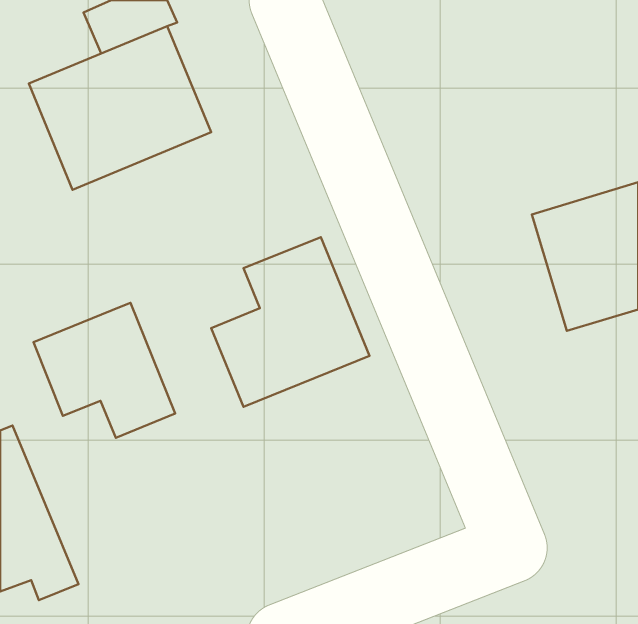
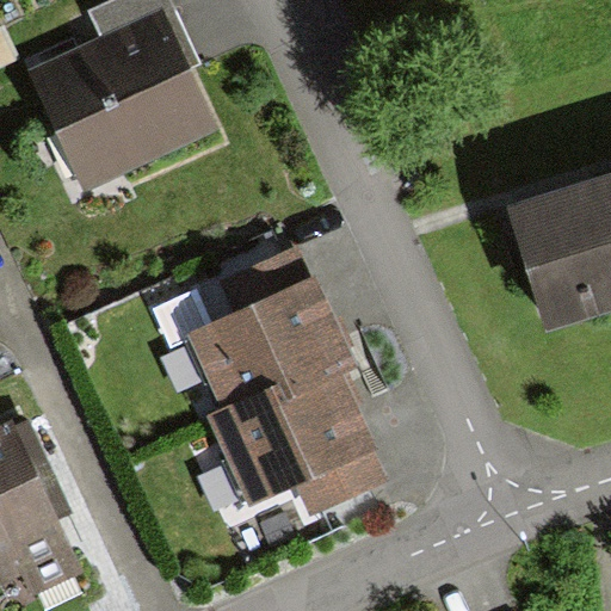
building: [33,303,175,438] -> none
building: none -> [220,358,387,502]

